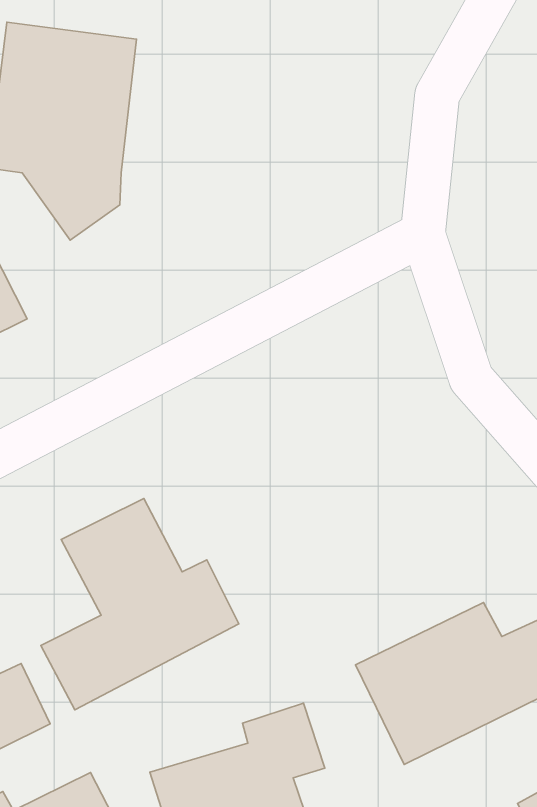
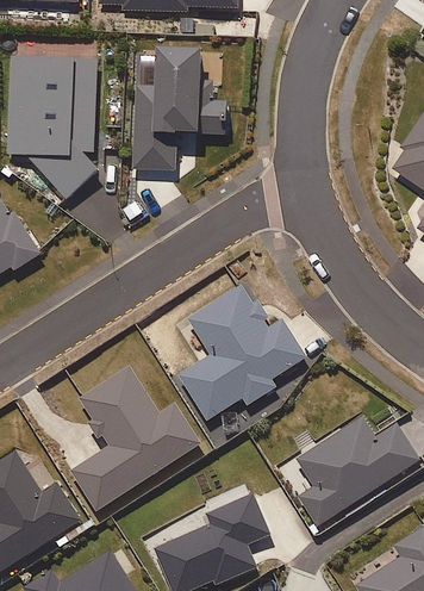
building: none -> [132,54,227,172]
building: none -> [176,281,307,419]

